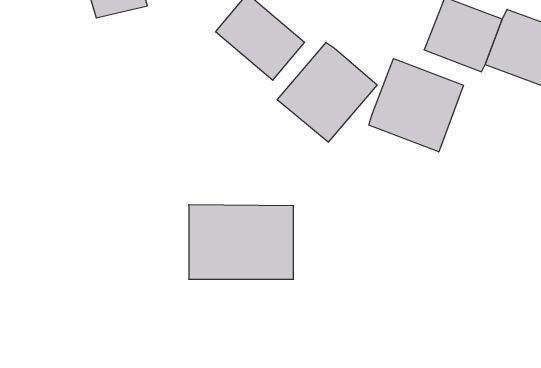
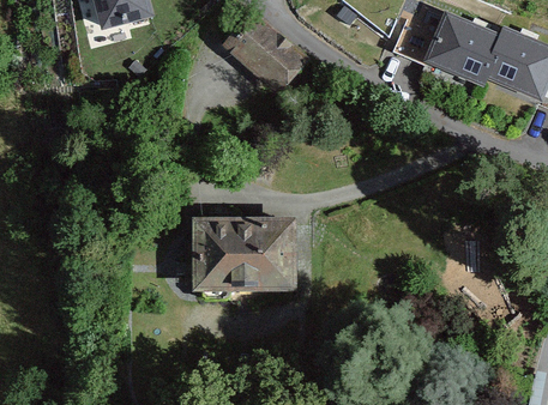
building: [277,42,377,142] -> none
building: [369,59,463,152] -> none

